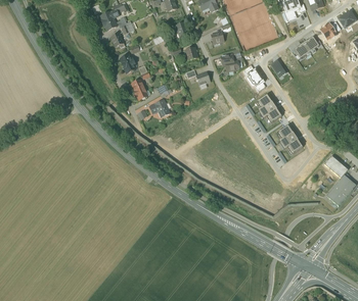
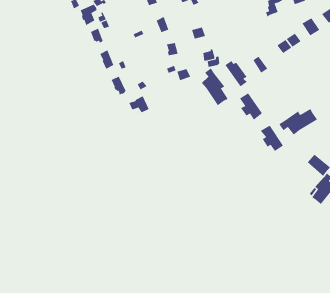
building: none -> [201,68,228,106]
building: none -> [278,109,318,135]

